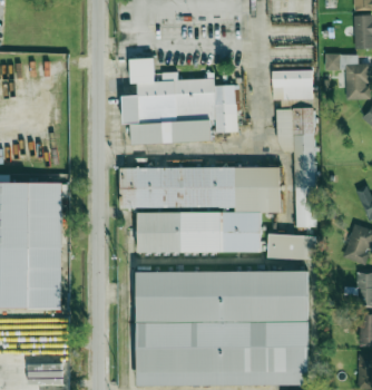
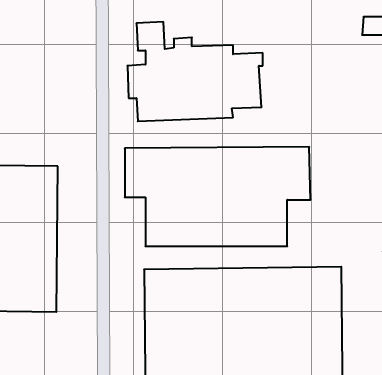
building: [272,69,312,99] -> none
building: [276,108,316,226] -> none
building: [267,234,315,259] -> none

